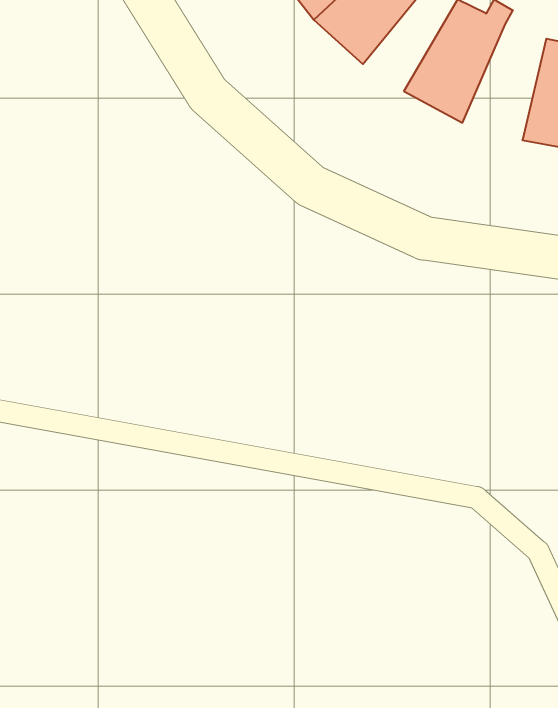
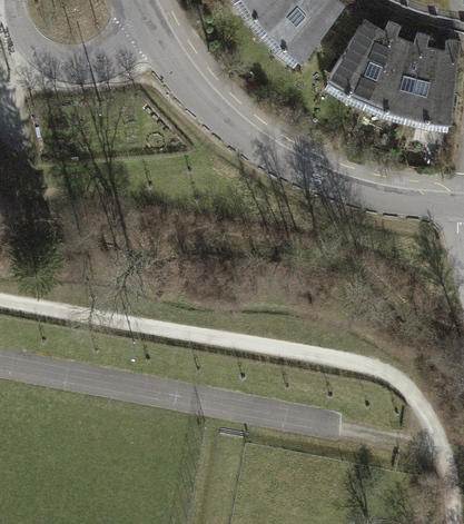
building: none -> [366,32,428,118]

